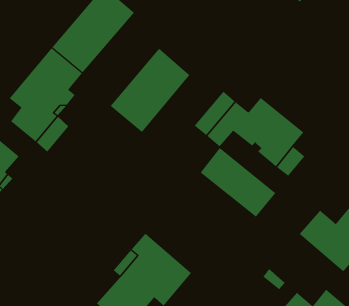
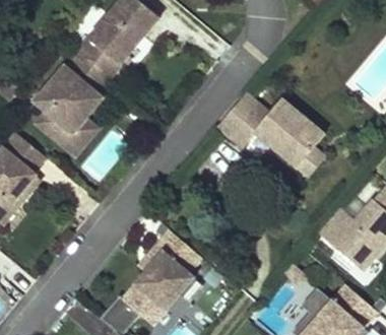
building: [110,48,190,133] -> none
building: [200,147,276,217] -> none

